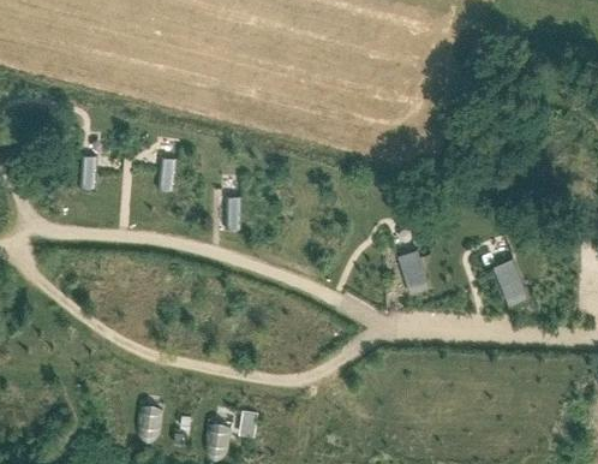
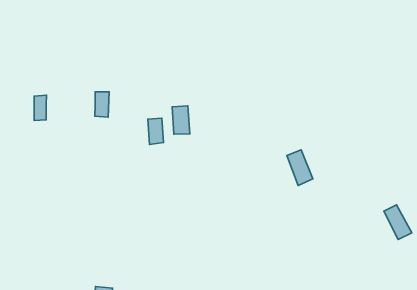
building: none -> [172,106,190,134]
building: [492,261,526,305] -> [384,205,412,239]

